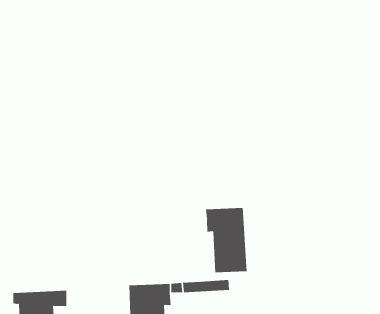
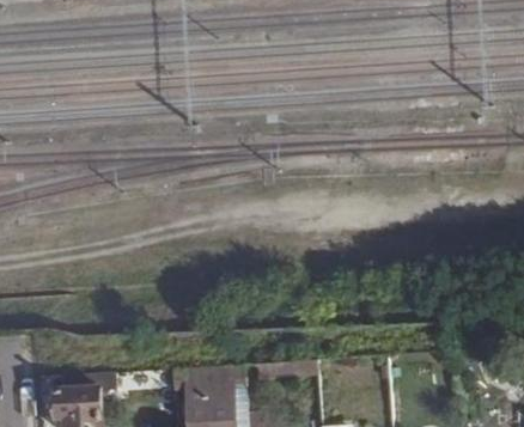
building: [206,207,247,273] -> none

